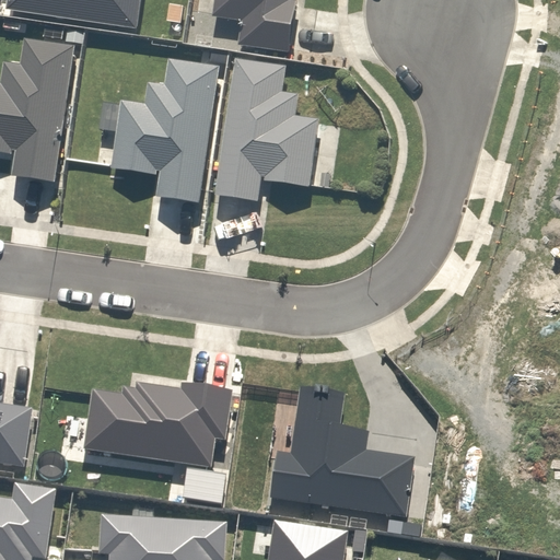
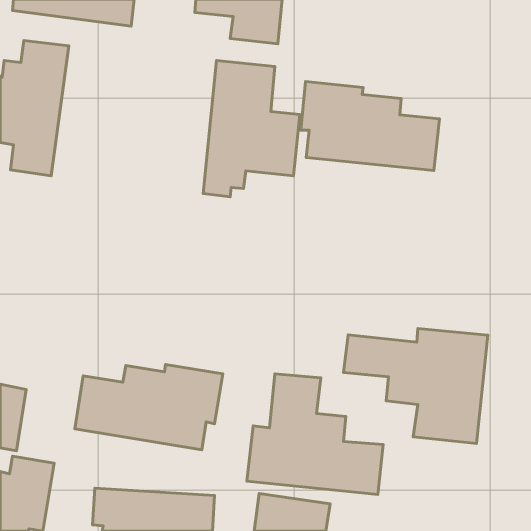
building: [110,65,219,206] -> none
building: none -> [301,81,440,170]
building: none -> [344,328,488,443]

